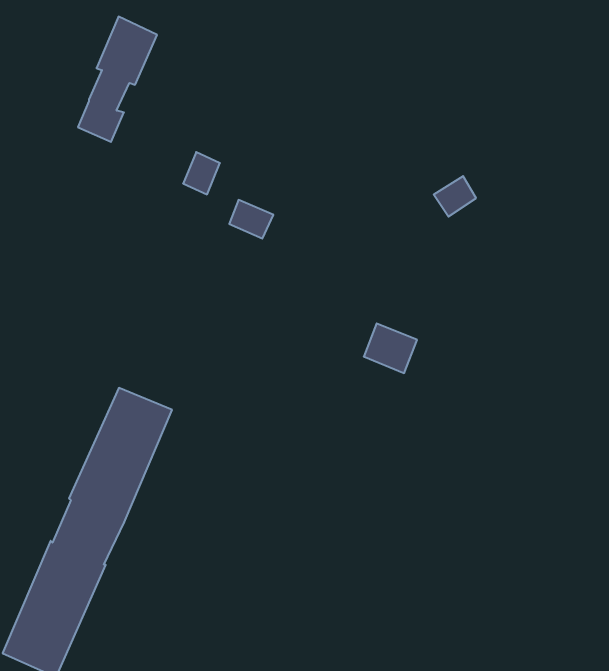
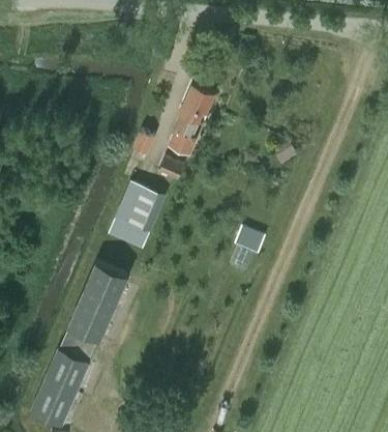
building: [78,17,157,142] -> [169,84,213,154]
building: none -> [108,182,166,251]

